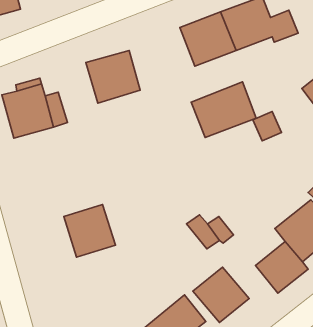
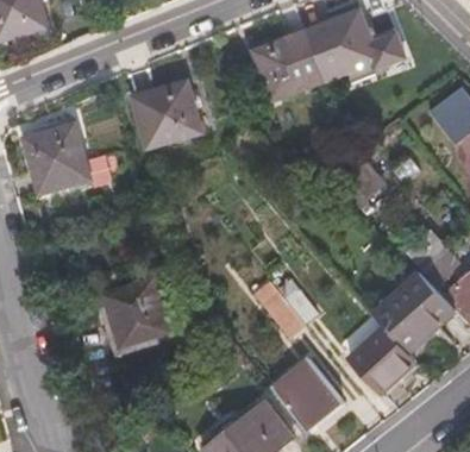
building: [191,82,256,137] -> none

